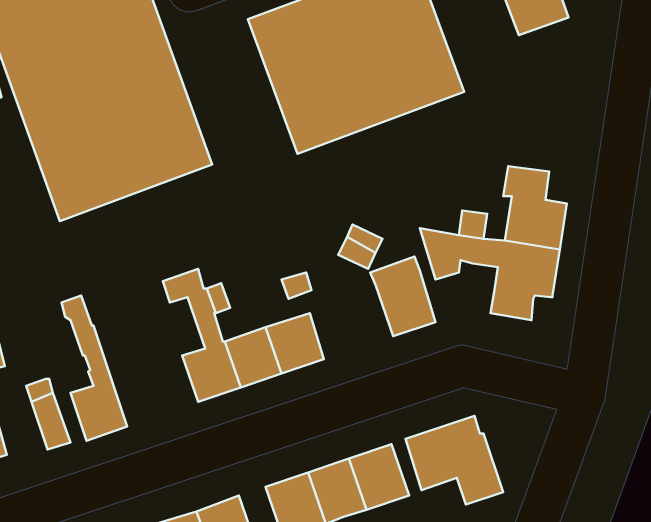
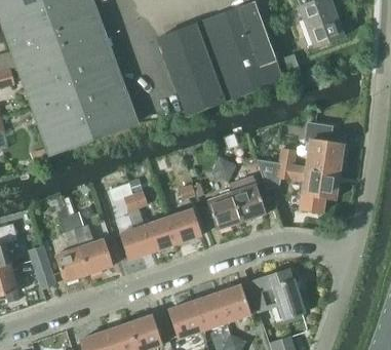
building: none -> [207,192,241,230]
building: none -> [68,212,113,274]

